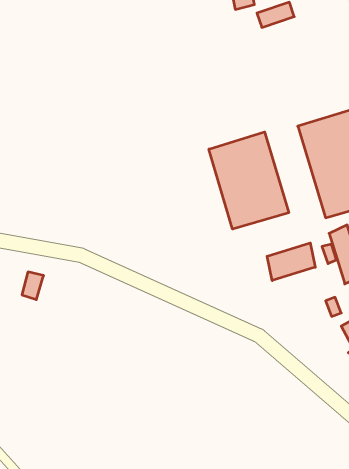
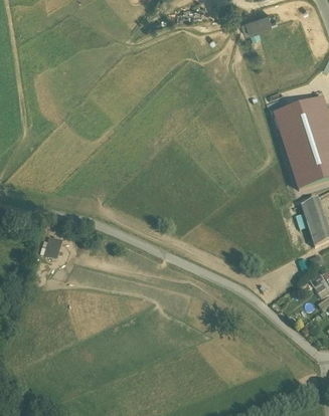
building: [209,132,289,229] -> none
building: [267,243,315,281] -> none

